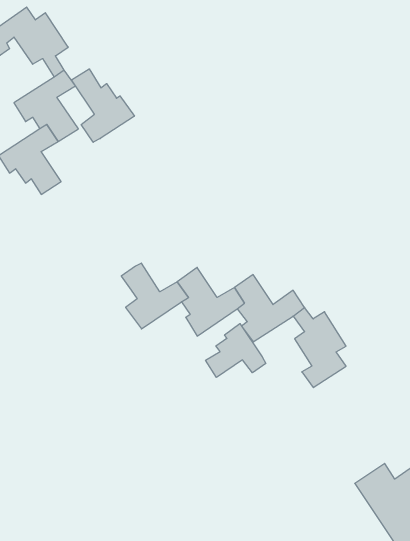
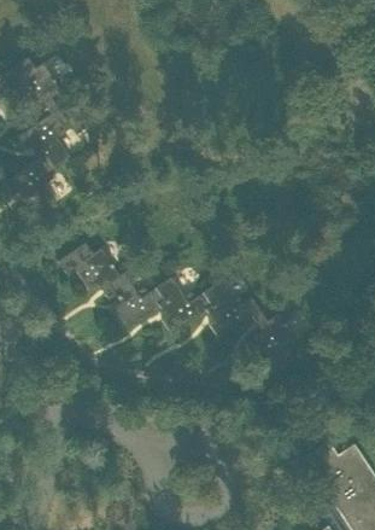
building: [72,69,134,142] -> none
building: none -> [70,243,119,301]
building: [206,324,266,377] -> none

